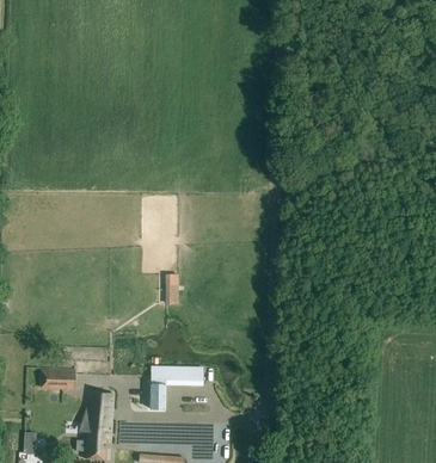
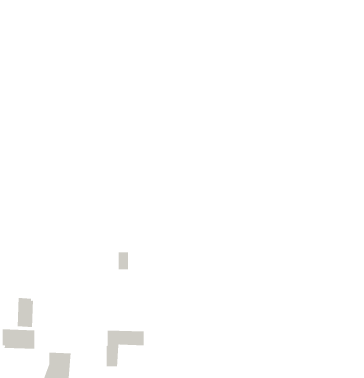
building: none -> [17,297,34,328]

